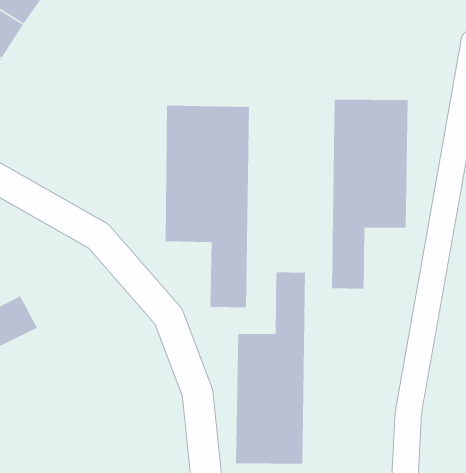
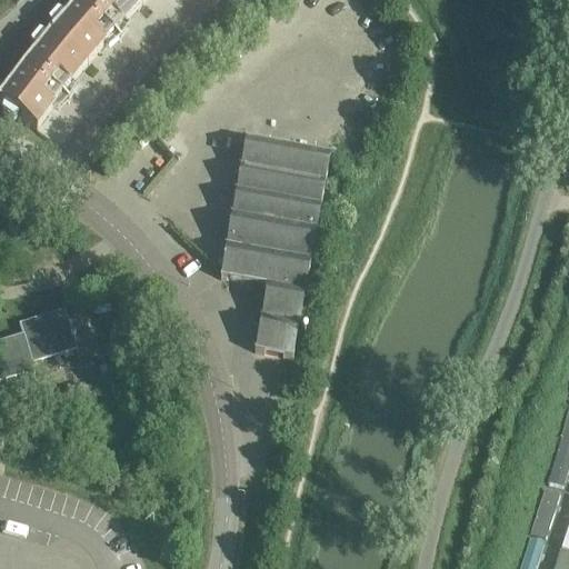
building: [331,99,409,290] -> none
building: [235,271,306,464] -> none

